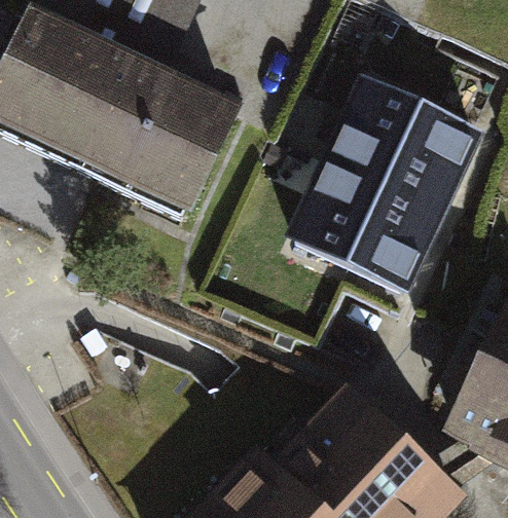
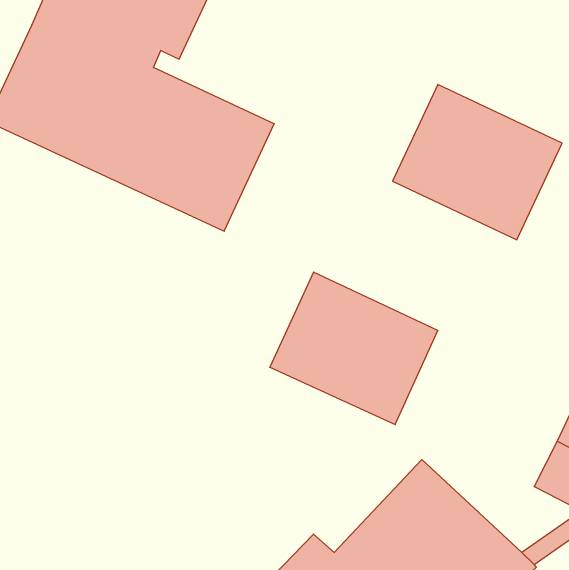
building: [295,161,437,290] -> [270,272,438,425]

